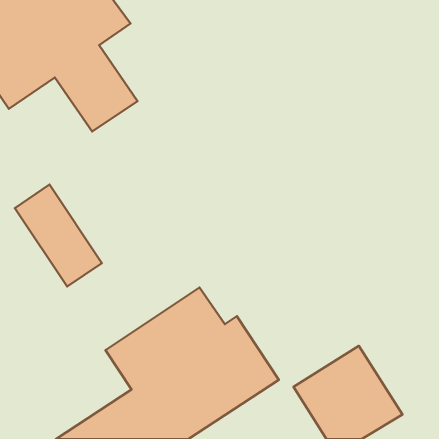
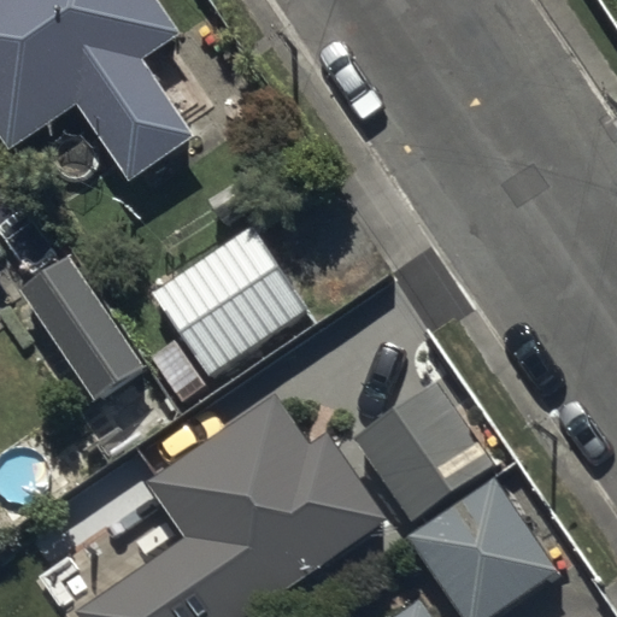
building: none -> [152,227,302,372]
building: none -> [351,382,492,521]

